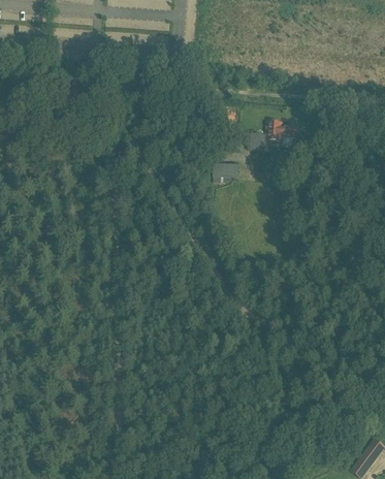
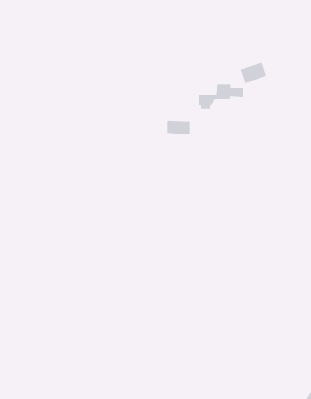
building: none -> [240,61,267,84]

